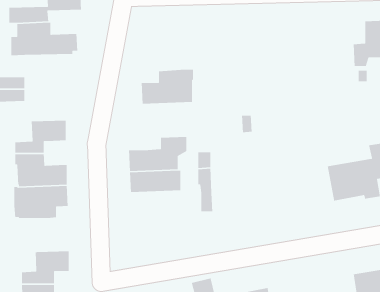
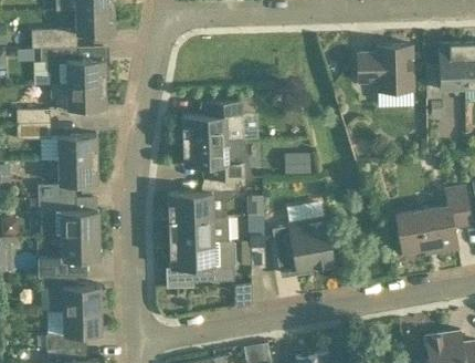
building: none -> [357,44,413,104]
building: none -> [50,83,105,108]
building: none -> [56,135,97,159]
building: none -> [183,138,252,178]
building: none -> [272,215,334,271]
building: none -> [170,240,235,280]
building: none -> [38,271,101,311]

